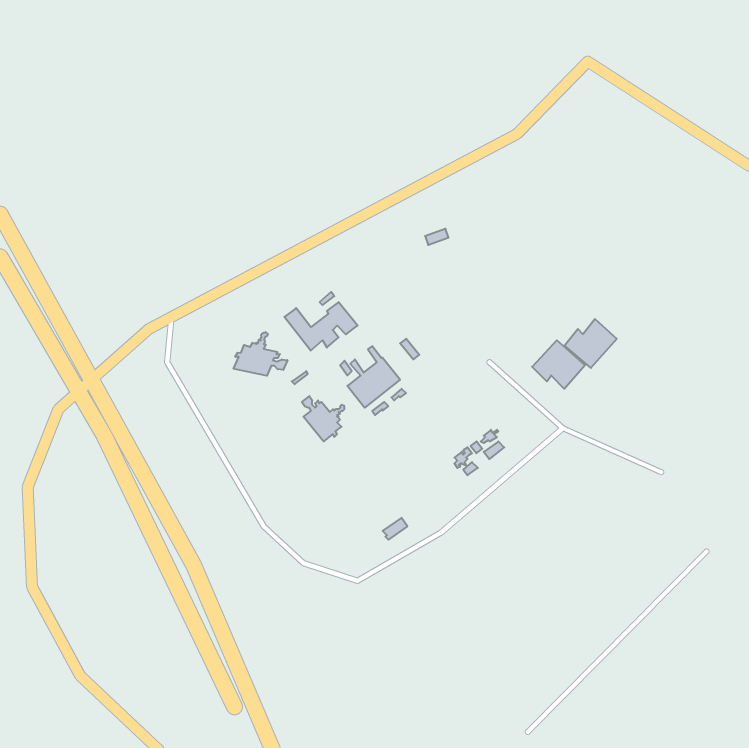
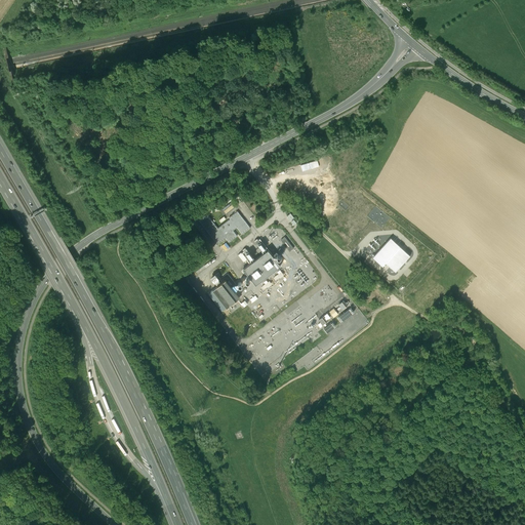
building: [564,319,617,368] -> none
building: [234,332,287,376] -> none

